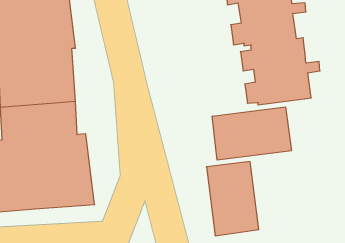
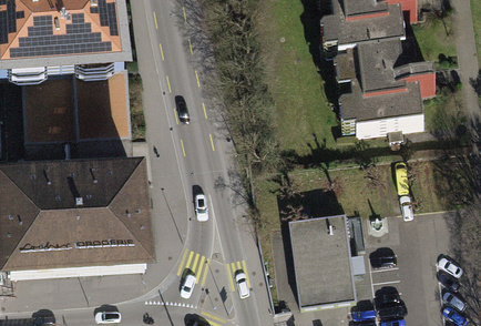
building: [212,107,291,160] -> none

